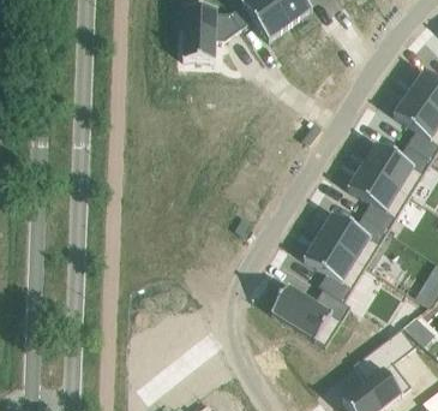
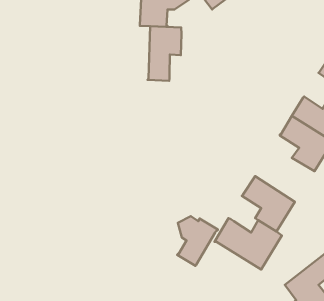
building: none -> [148,26,182,81]
building: [319,213,389,266] -> none
building: none -> [177,216,218,266]

